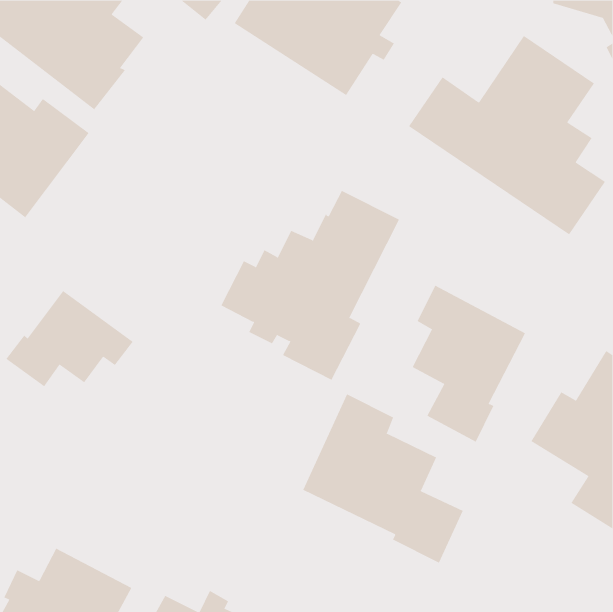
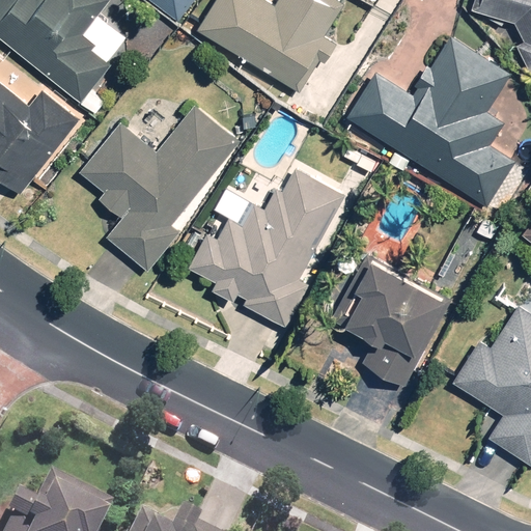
building: none -> [79,107,236,271]
building: [5,290,133,387] -> none
building: [302,393,463,564] -> none

